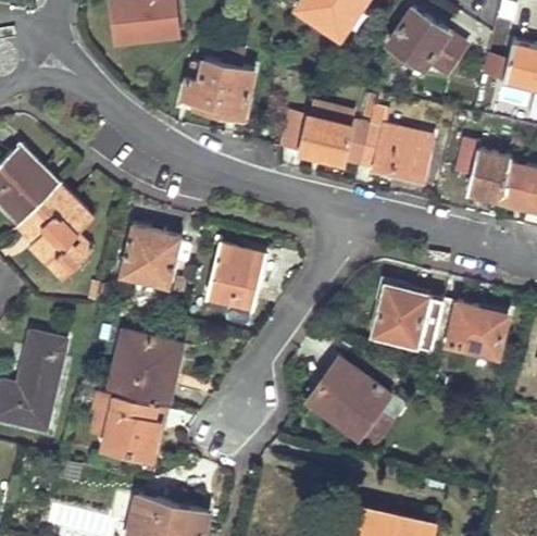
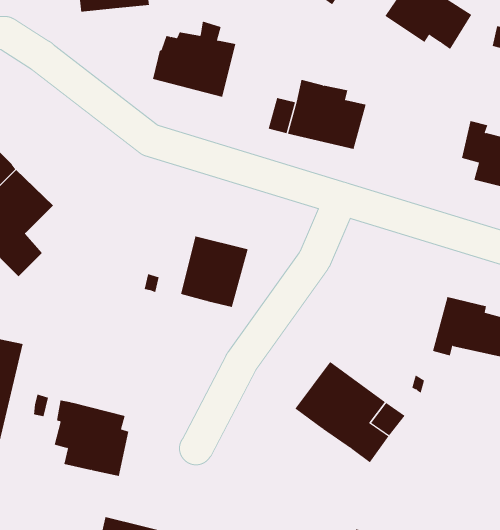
building: [361,127,432,182] -> none
building: [121,224,180,287] -> none
building: [373,289,444,348] -> none
building: [109,333,178,408] -> none

